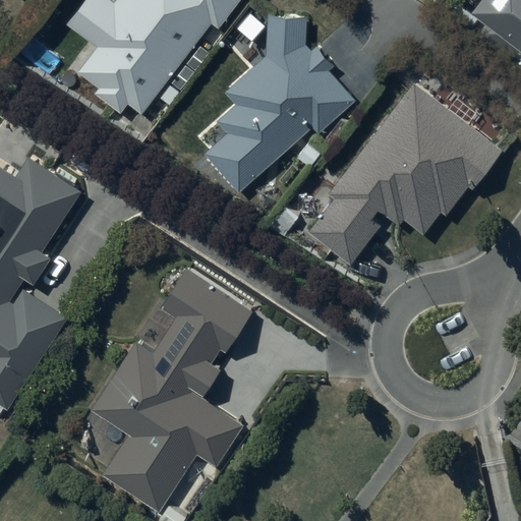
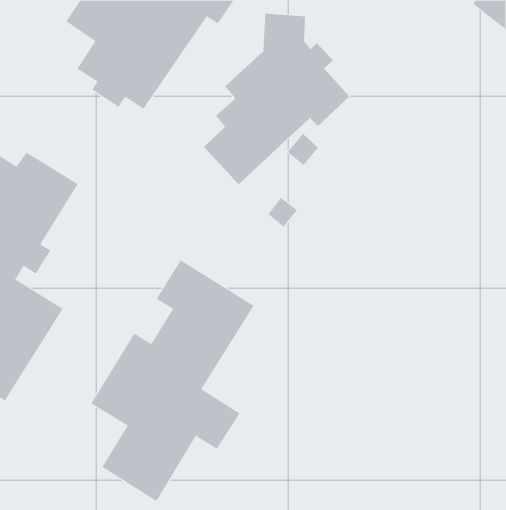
building: [307,80,507,264] -> none

